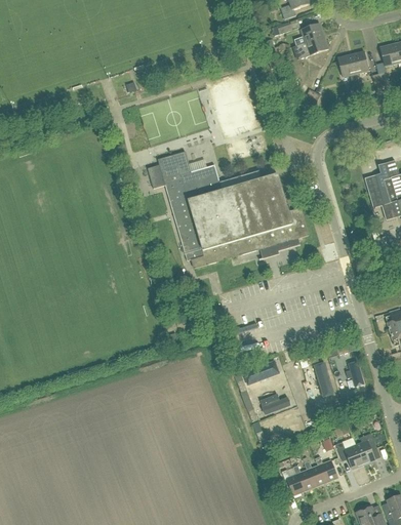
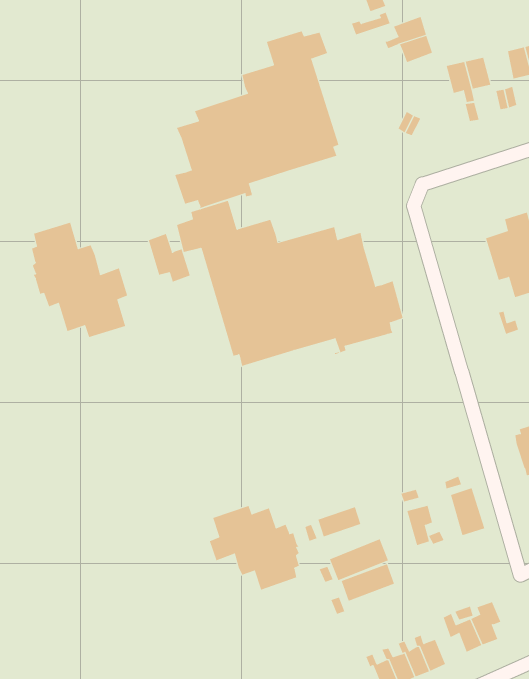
building: none -> [174,30,339,209]
building: none -> [31,222,128,338]
building: none -> [148,233,190,283]
building: none -> [209,505,300,590]

